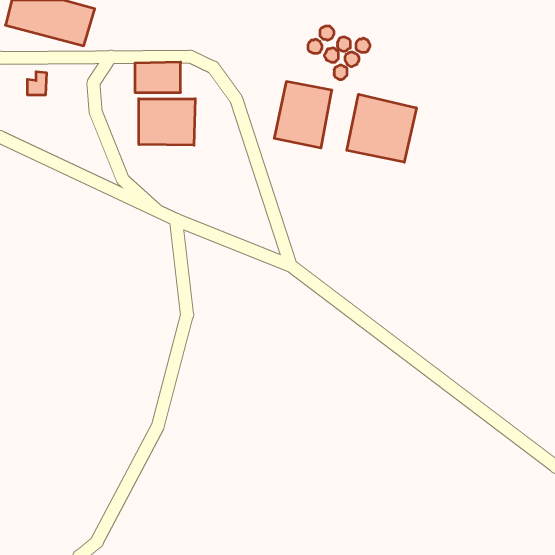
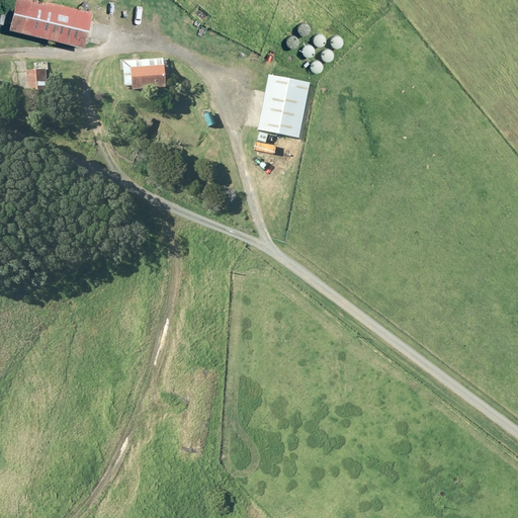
building: [347,94,416,162] -> none
building: [139,99,195,145] -> none

